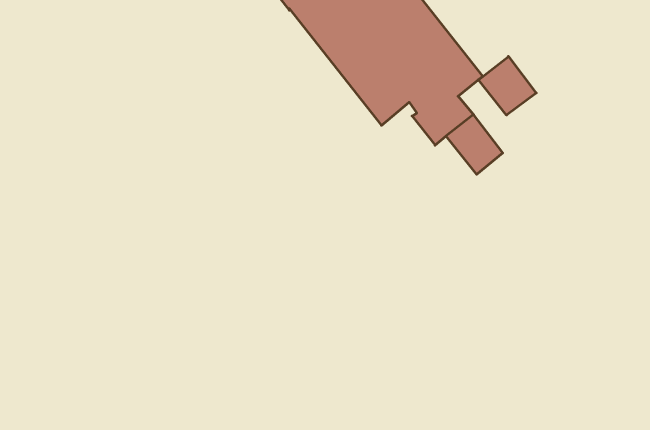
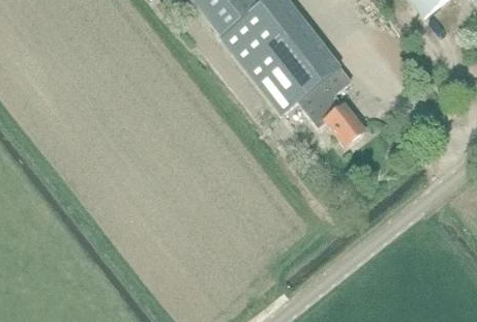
building: [478,56,536,115] -> none

